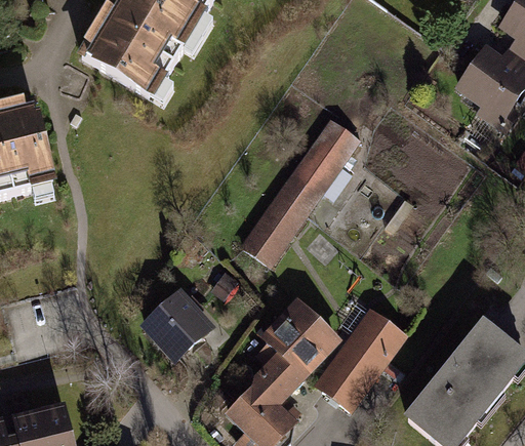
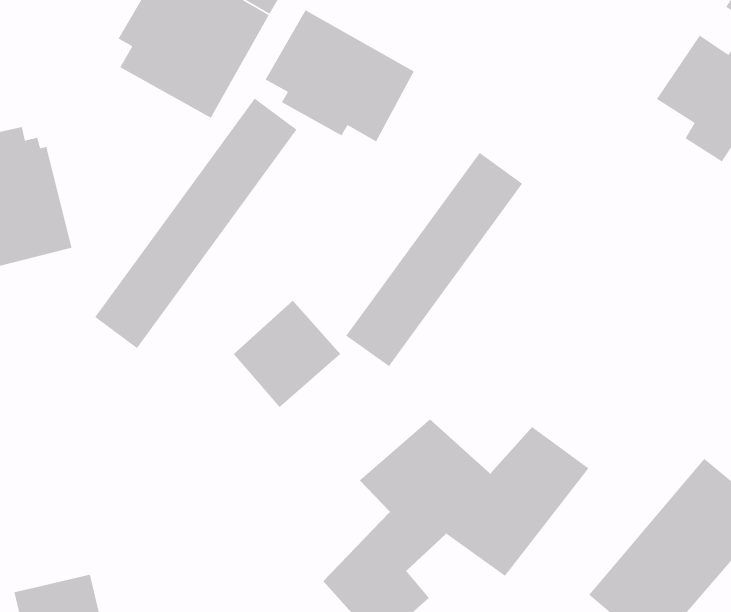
building: none -> [265,9,415,142]
building: none -> [94,98,298,349]
building: [140,288,214,362] -> [233,300,341,408]

